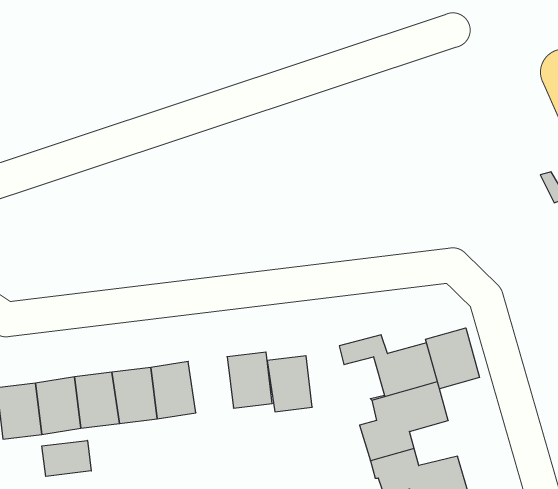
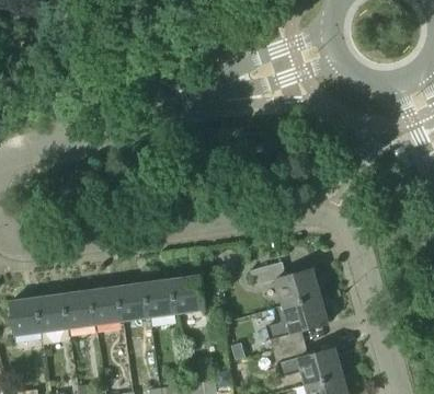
building: [426,328,480,389] -> none
building: [267,356,312,412] -> [145,278,176,317]
building: [42,440,91,476] -> none

